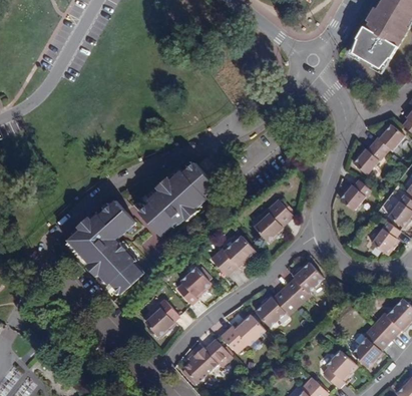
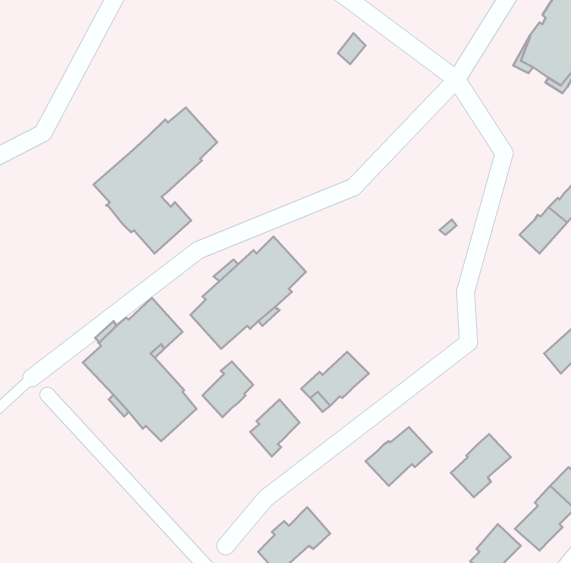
building: none -> [94,108,217,254]
building: [340,178,370,208] -> none
building: [255,201,292,242] -> none
building: [282,262,321,303] -> [451,434,511,497]
building: [144,301,177,337] -> [203,362,253,417]
building: [220,313,264,351] -> none

